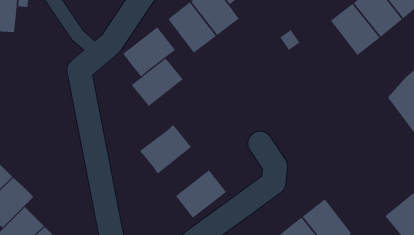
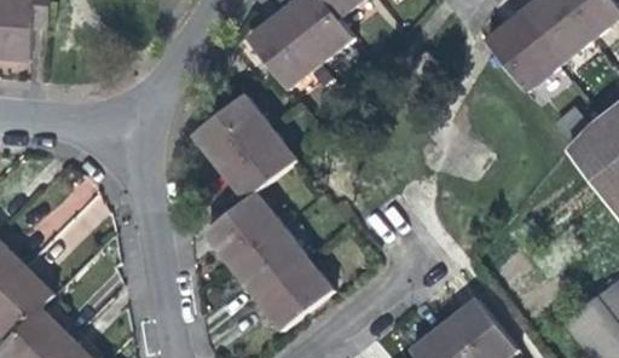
building: [122,26,176,77] -> [220,126,297,200]
building: none -> [233,224,308,295]

